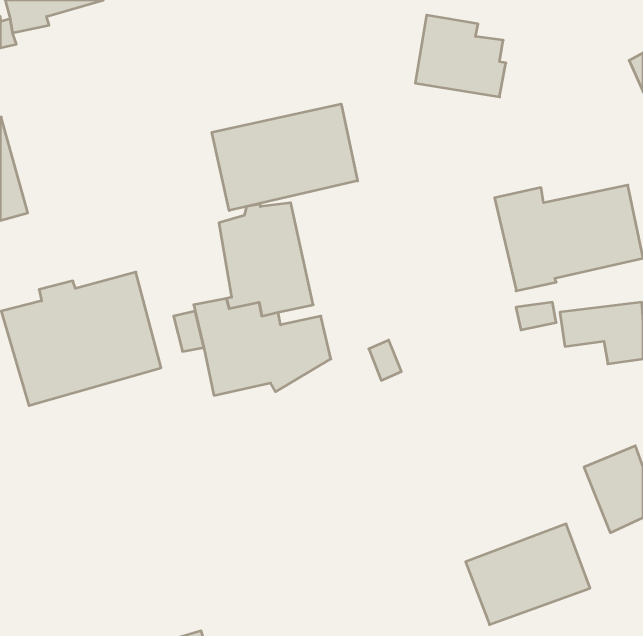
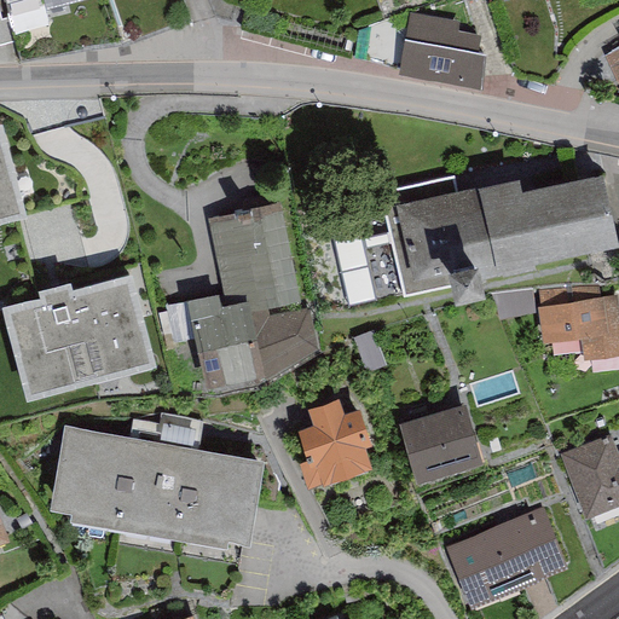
building: [212,104,358,211] -> none
building: none -> [381,184,496,314]
building: none -> [340,236,380,308]
building: none -> [299,395,371,482]
building: none -> [399,401,484,478]
building: none -> [50,427,260,545]

